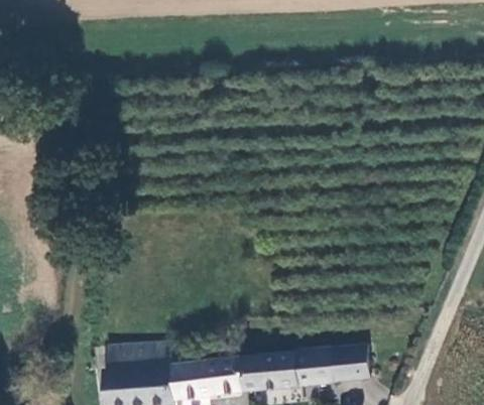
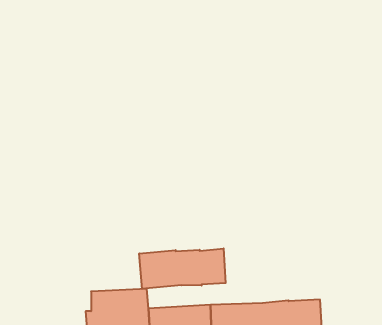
building: none -> [139,248,226,289]

